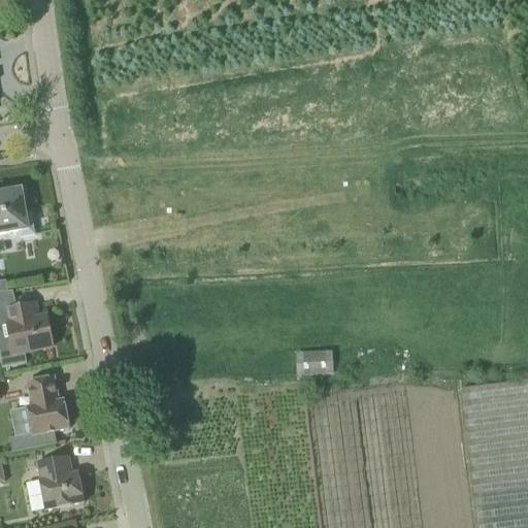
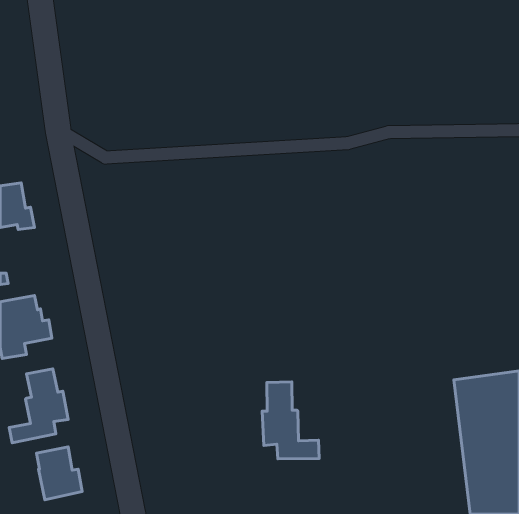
building: [298,352,332,371] -> none
building: none -> [262,382,319,459]

